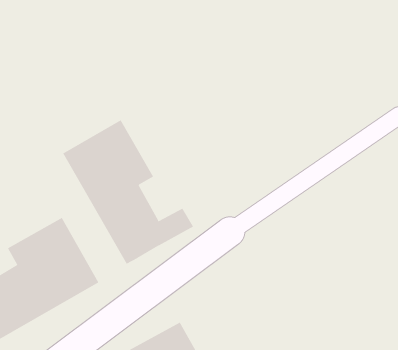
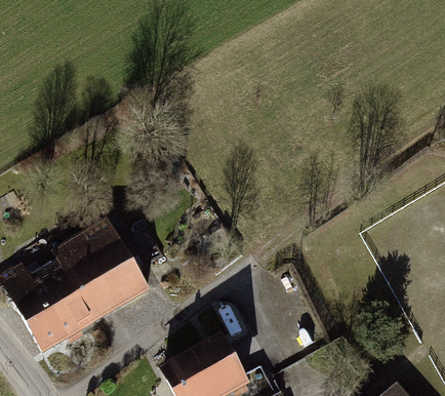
building: [63,120,194,265] -> none

